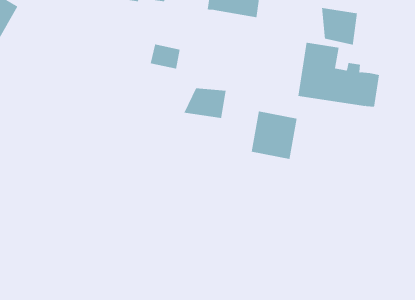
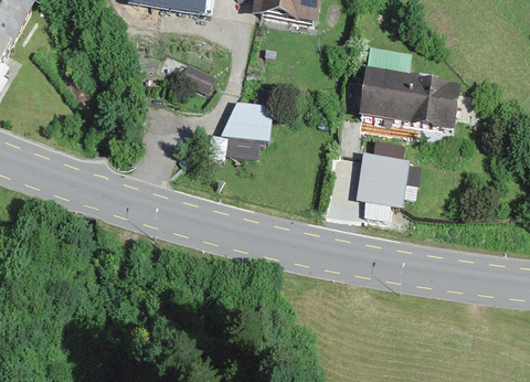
building: [322,7,358,46] -> none
building: [251,111,297,159] -> [358,152,413,210]

